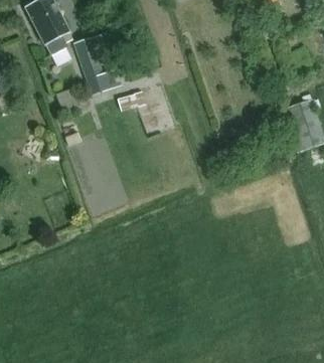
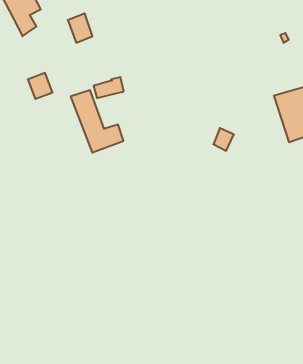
building: [71,37,121,96] -> [71,90,123,153]

